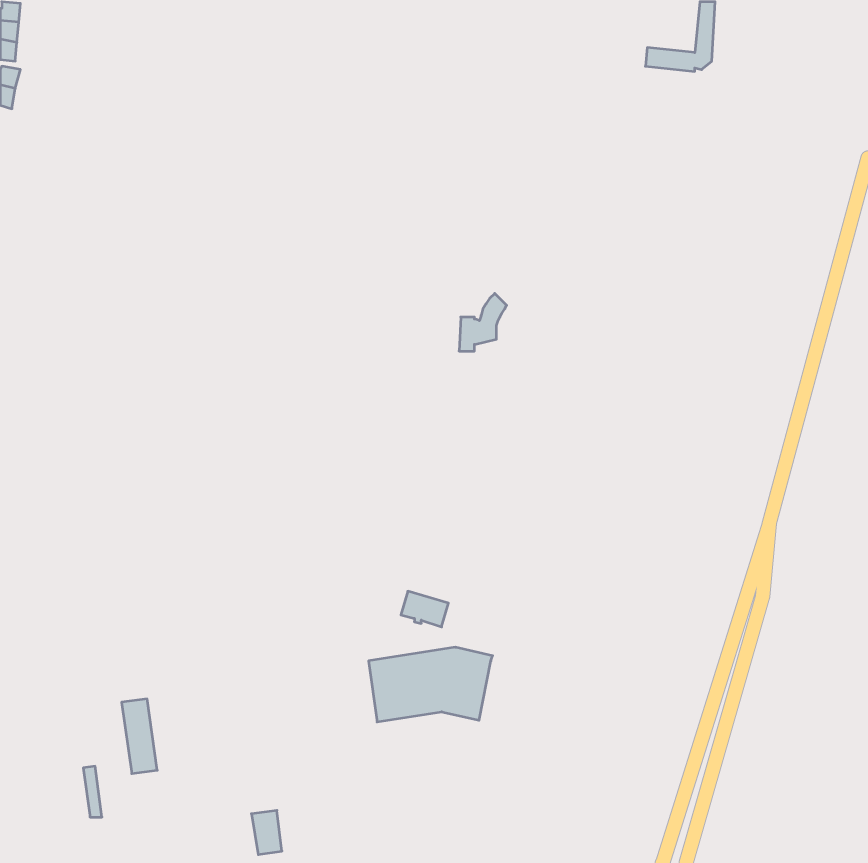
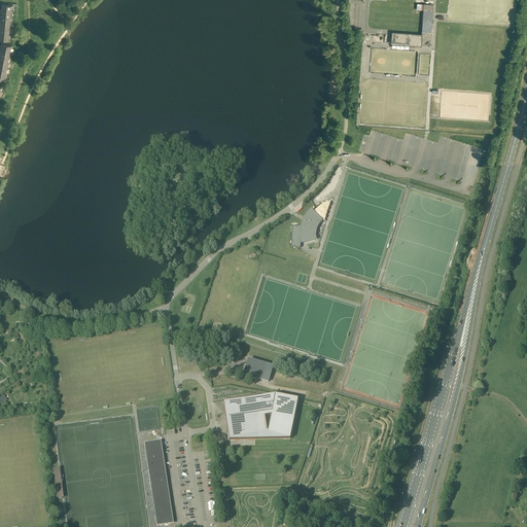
building: [459,293,507,351] -> [291,210,320,245]
building: [122,699,157,774] -> [145,444,167,489]

